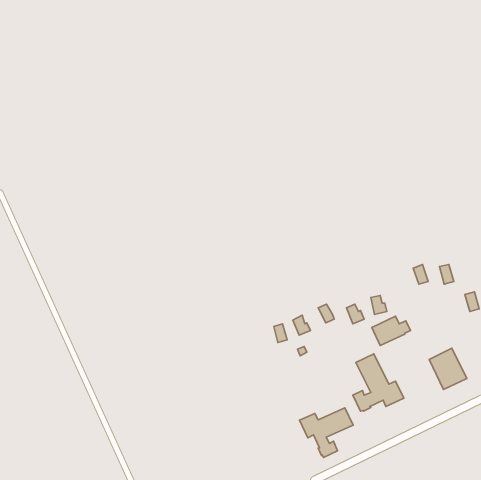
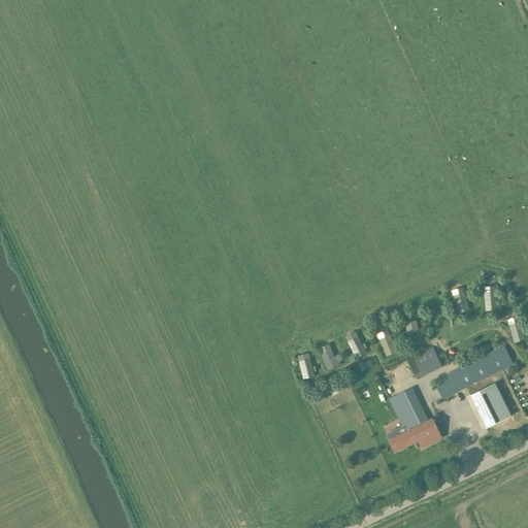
building: none -> [437,344,514,397]
building: [300,408,353,457] -> none

